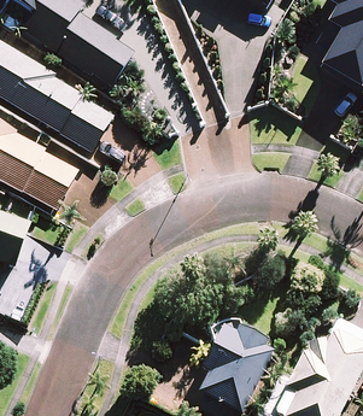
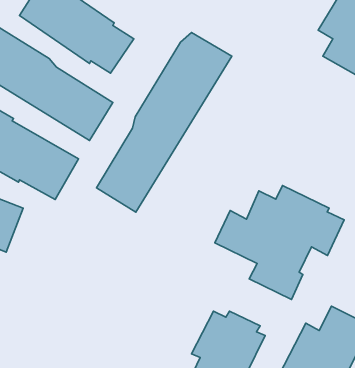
building: none -> [97,33,232,212]
building: none -> [215,185,344,300]

